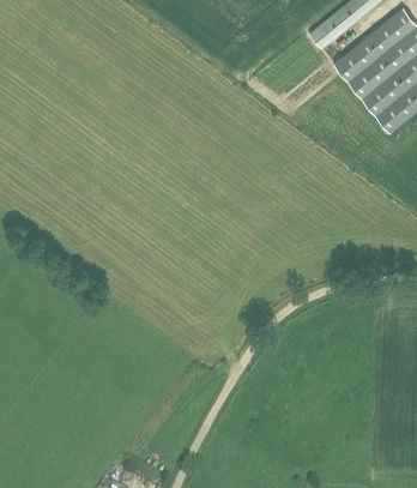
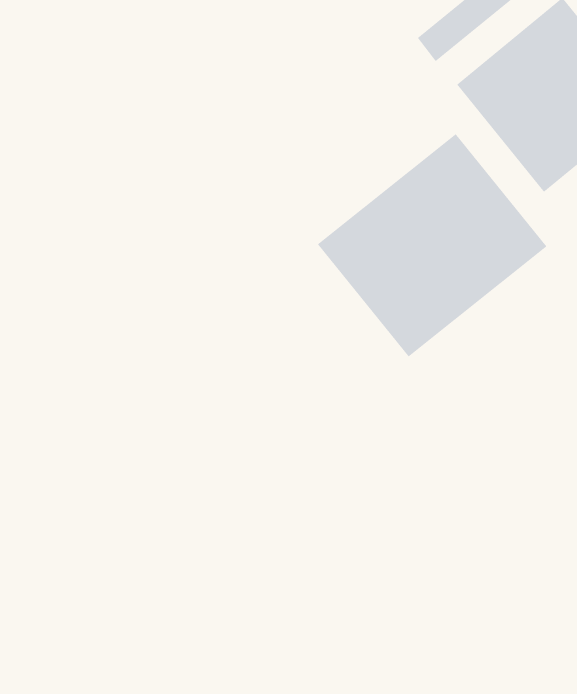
building: none -> [317,133,548,358]

